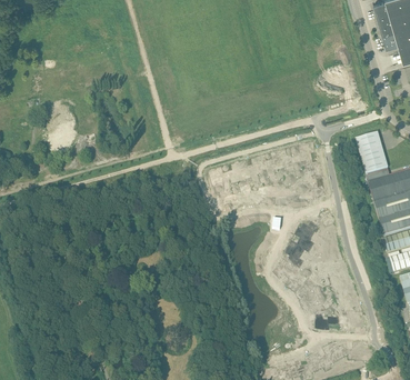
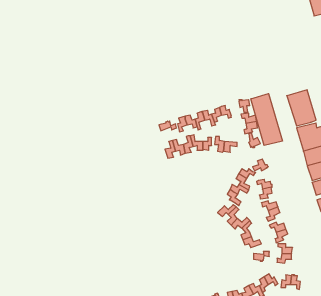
building: none -> [251,94,282,145]

